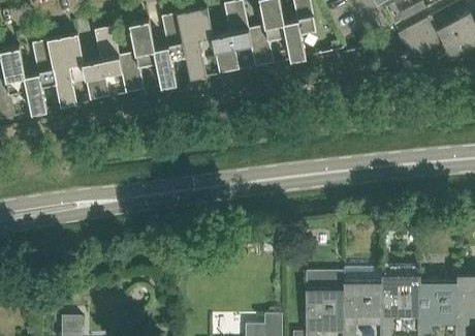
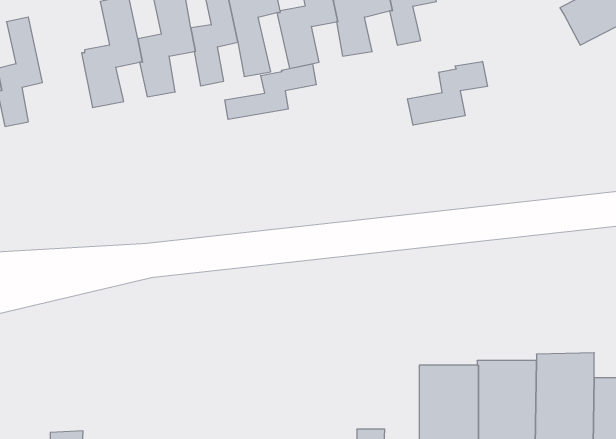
building: [46,37,84,110] -> none
building: none -> [408,61,487,125]
building: none -> [225,64,316,119]

